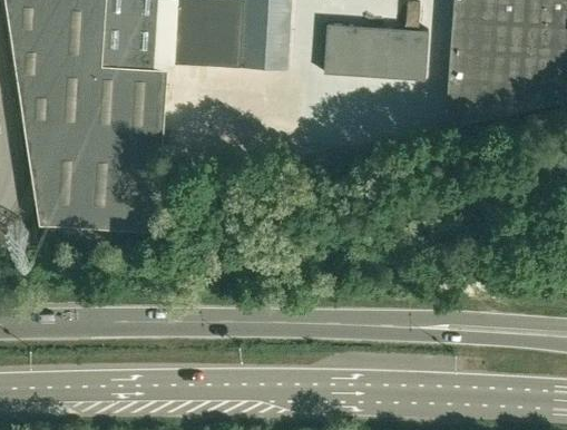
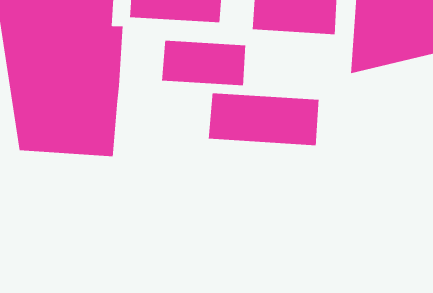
building: none -> [162,40,246,86]
building: none -> [208,92,319,146]

